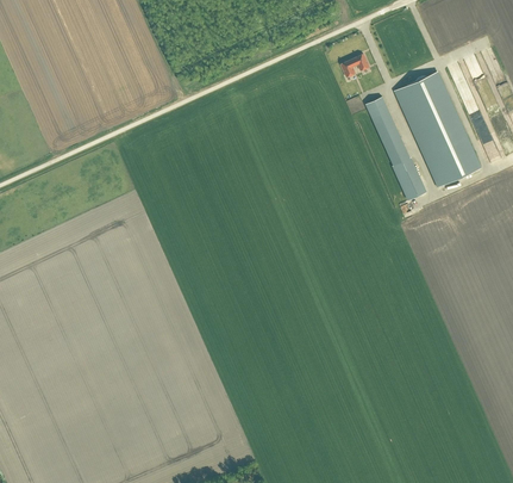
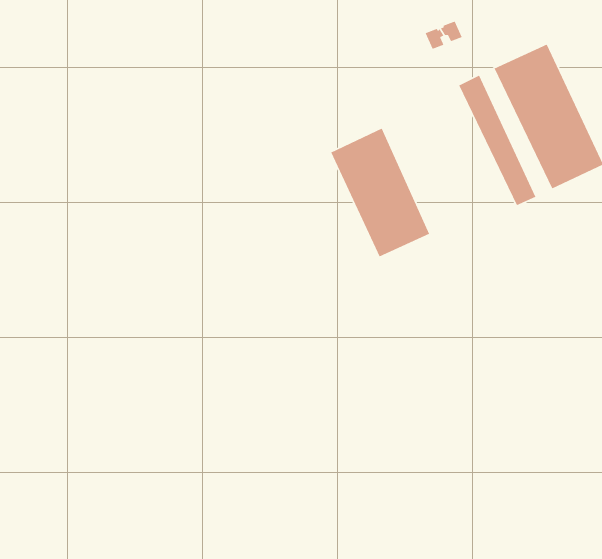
building: none -> [330,128,430,258]

